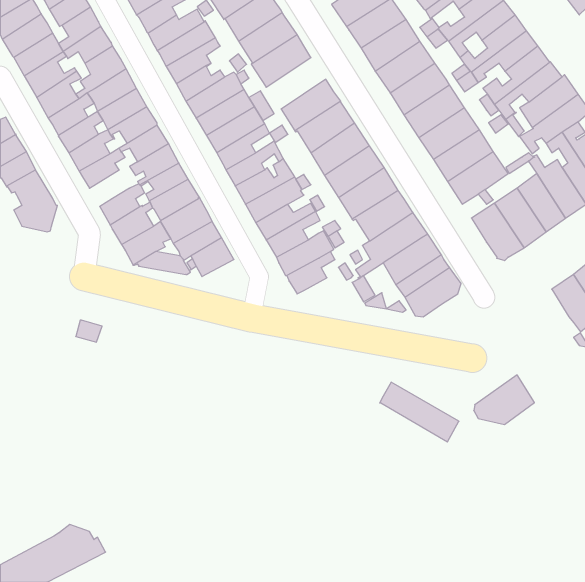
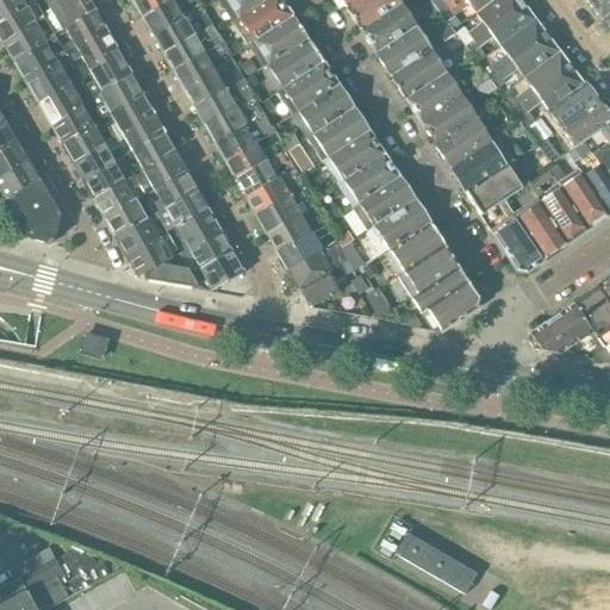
building: none -> [278,60,340,113]
building: none -> [94,172,142,214]
building: [474,375,534,424] -> [529,300,592,351]
building: [380,382,459,442] -> [394,530,477,592]

